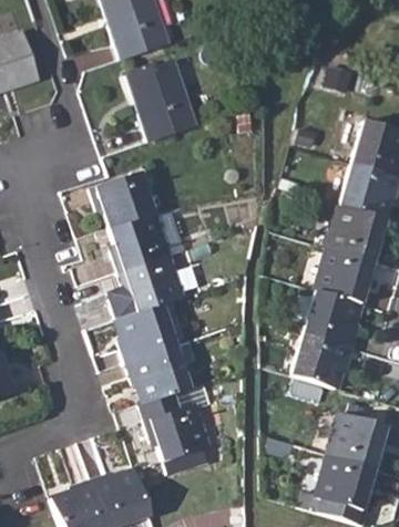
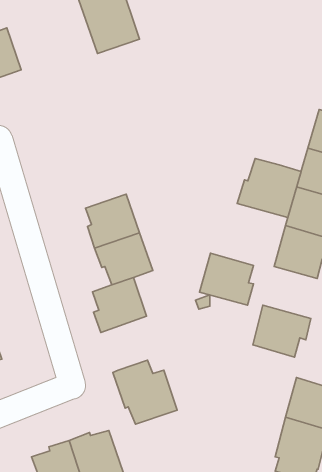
building: [127,58,197,140] -> none
building: [92,170,167,227] -> none
building: none -> [237,158,301,218]
building: [301,290,360,347] -> [199,253,253,305]
building: [125,344,190,403] -> none

